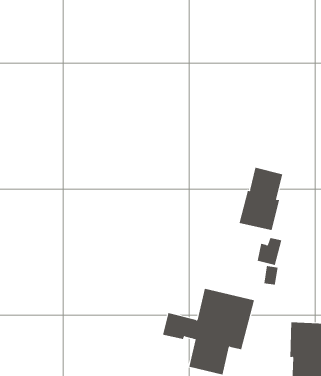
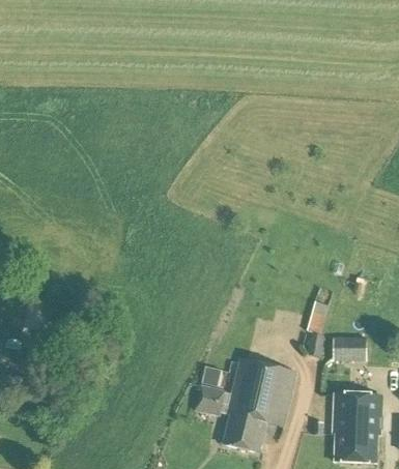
building: [239,167,283,231] -> none
building: none -> [331,334,365,360]

